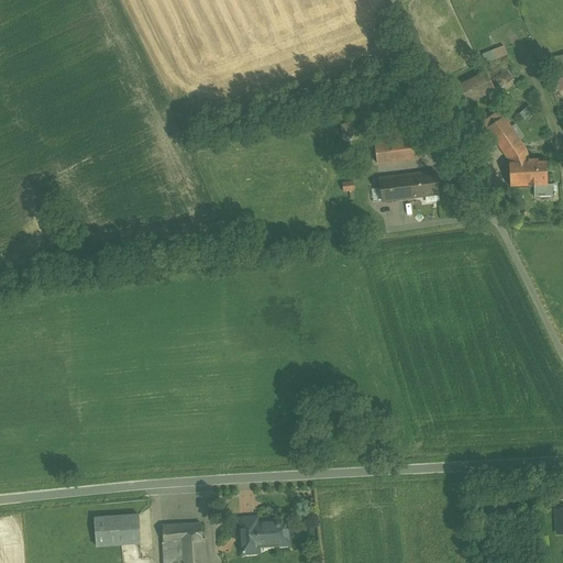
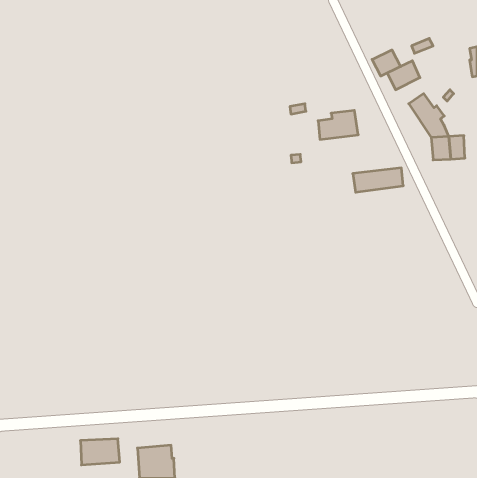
building: none -> [372,50,401,76]
building: [378,173,438,201] -> [353,168,403,192]
building: [239,518,289,545] -> none

